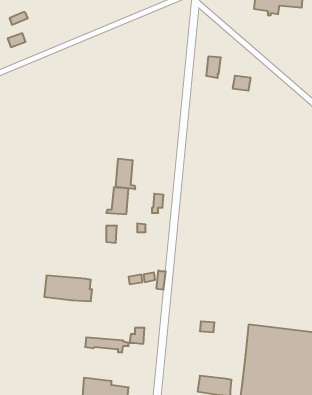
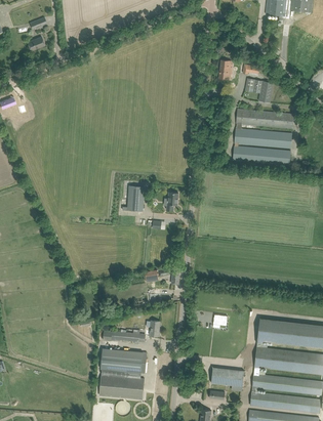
building: none -> [232,109,293,165]
building: [116,159,135,189] -> none
building: [44,276,92,301] -> [100,348,147,373]

